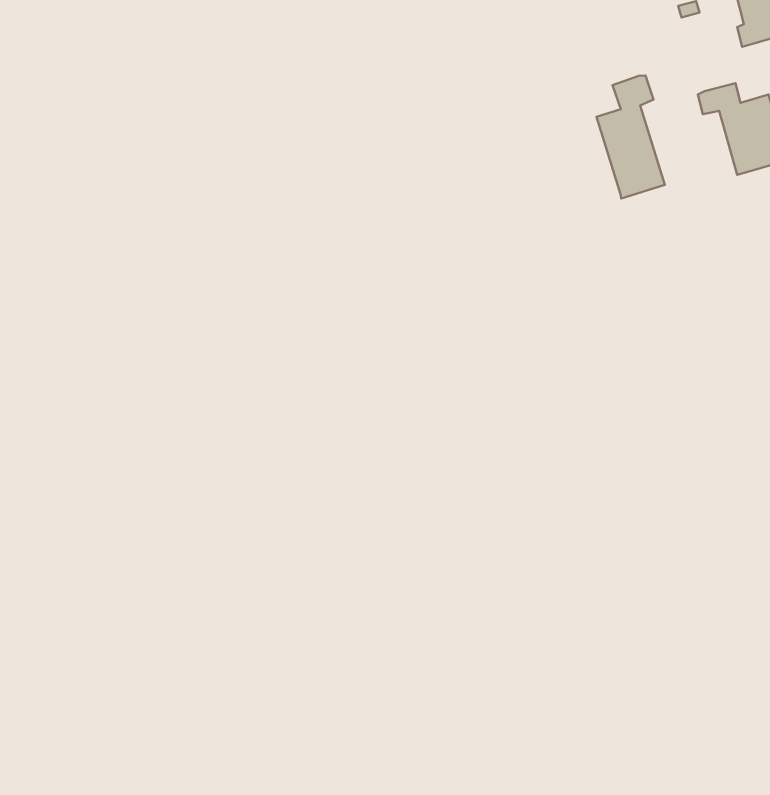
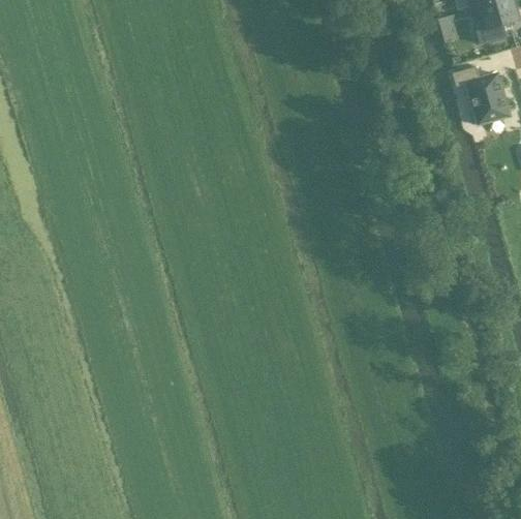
building: [597,76,665,199] -> none

